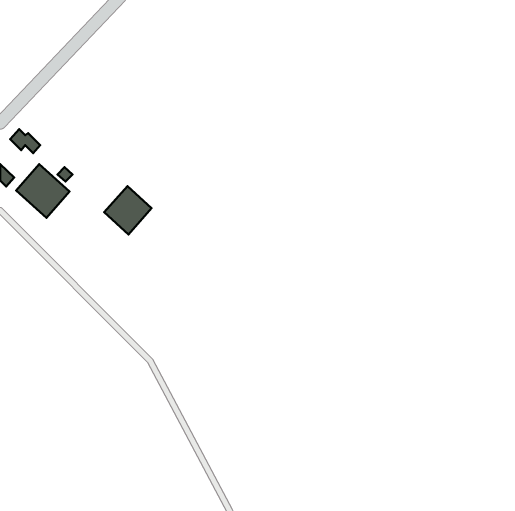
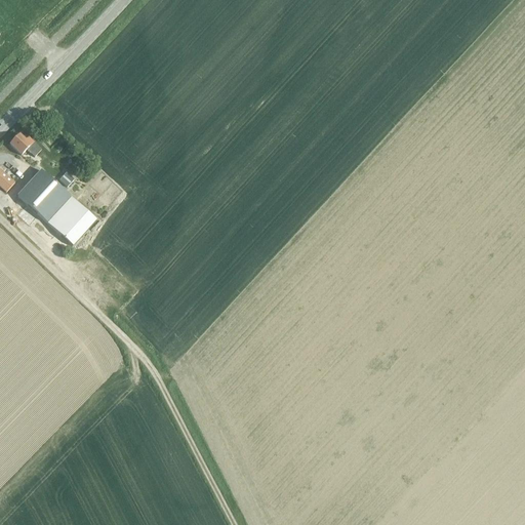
building: [104,186,152,234] -> [47,195,95,244]

